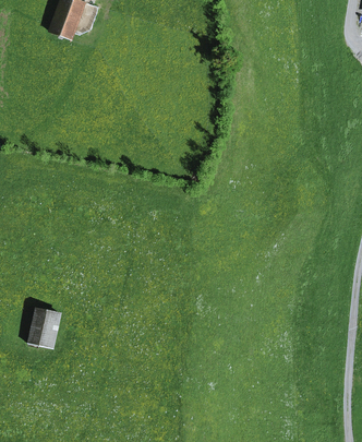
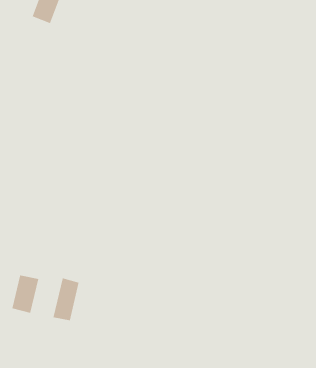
building: none -> [53,278,79,321]

